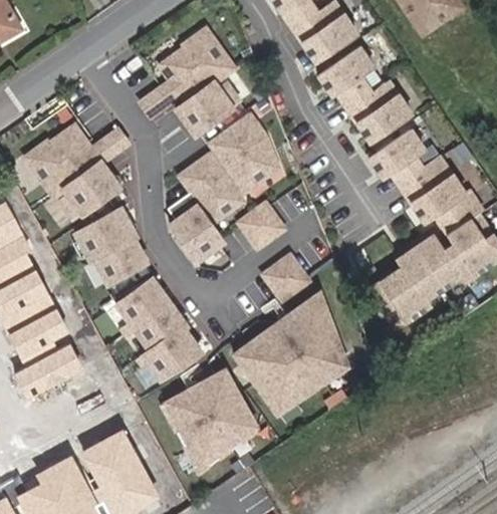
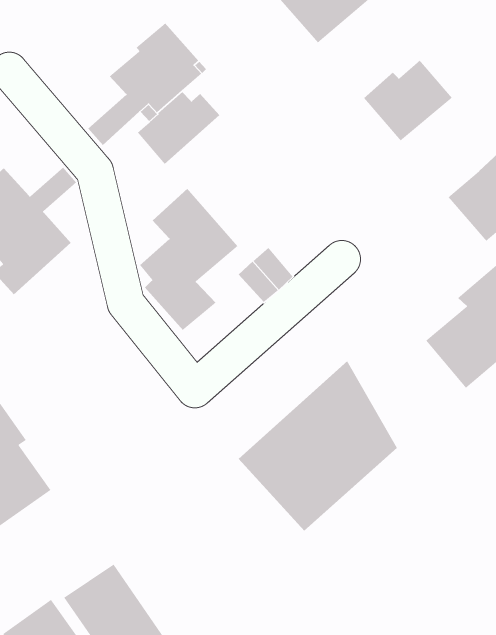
building: [320,44,375,102] -> none
building: [209,115,275,188] -> none
building: [371,126,427,183] -> none
building: [72,210,144,283] -> none
building: [263,251,314,301] -> none
building: [114,278,199,380] -> none
building: [160,370,256,473] -> none

